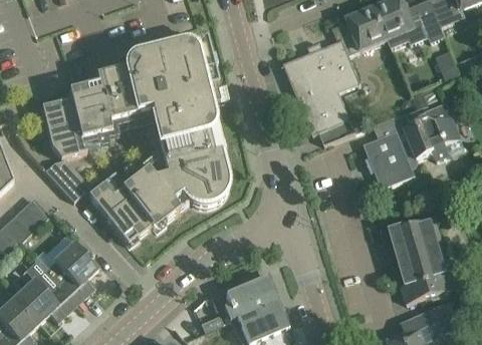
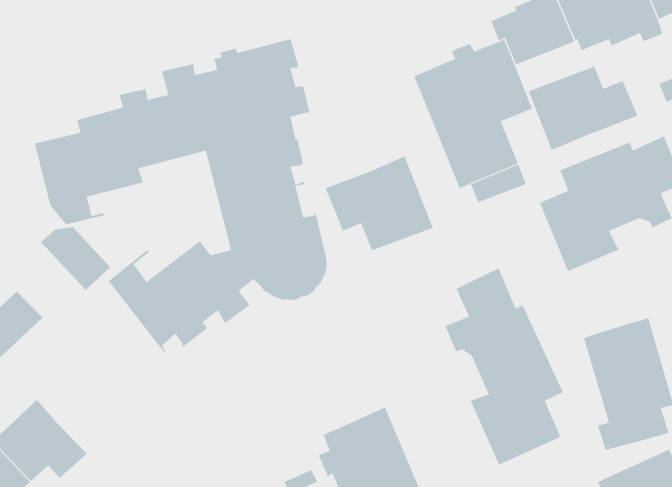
building: none -> [528,66,638,151]
building: none -> [325,156,434,251]
building: none -> [445,268,564,465]
building: [43,241,98,304] -> none

